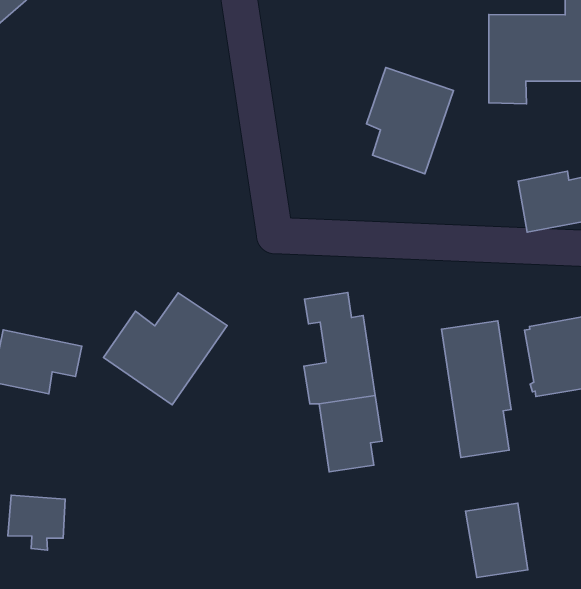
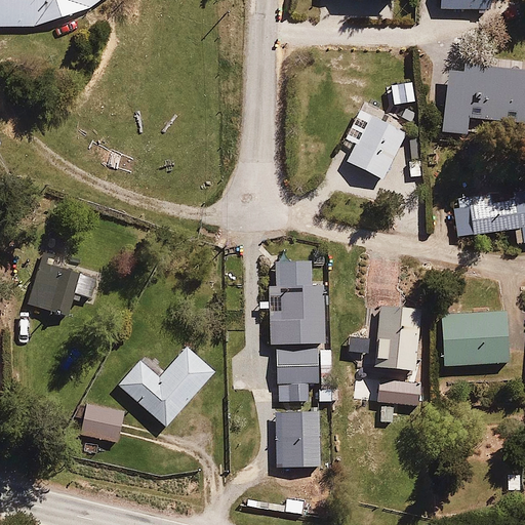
building: [104,293,227,405] -> [117,339,215,425]
building: [8,495,65,550] -> [76,396,124,442]
building: [466,503,528,578] -> [279,412,320,465]

